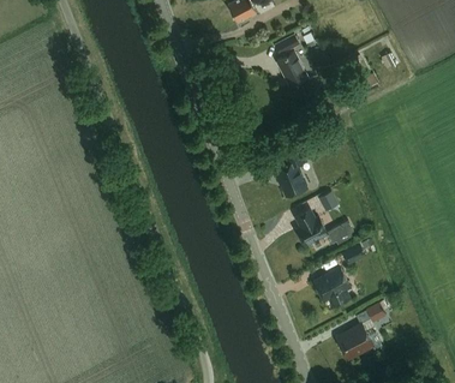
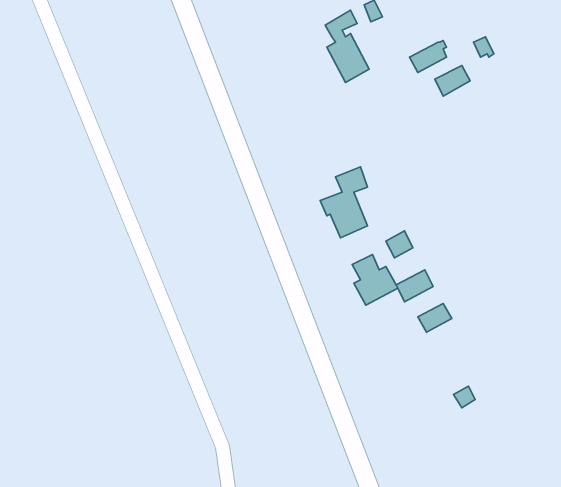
building: [316,269,351,306] -> none
building: [339,325,373,359] -> none

